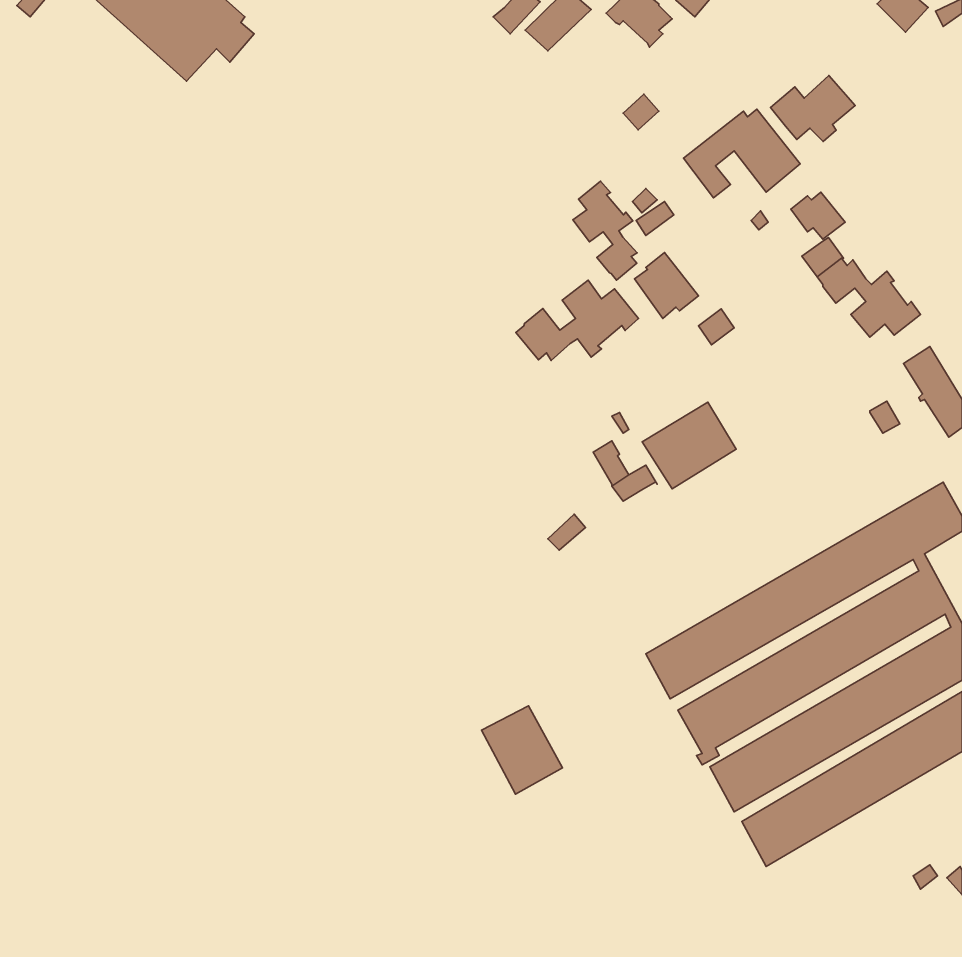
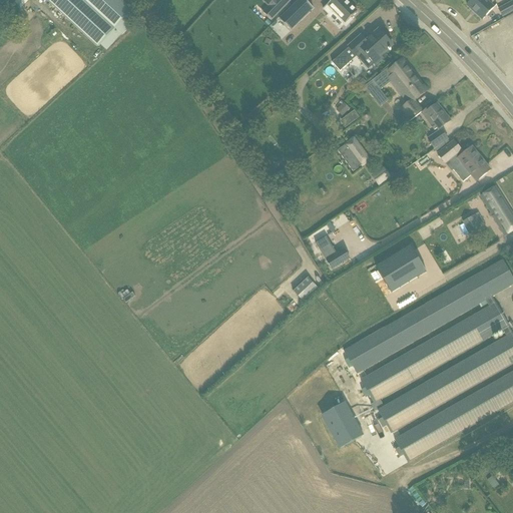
building: [770,75,855,141] -> [348,27,393,62]
building: [573,181,637,280] -> none
building: [516,280,639,361] -> none
building: [642,402,736,489] -> [376,243,426,290]
building: [481,706,562,794] -> [321,400,364,447]

